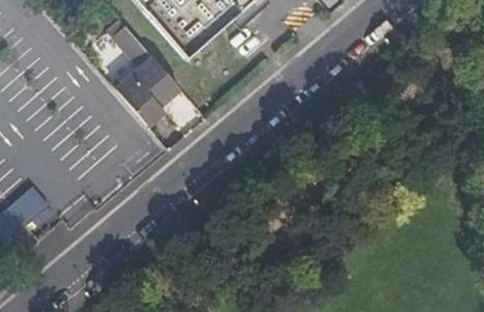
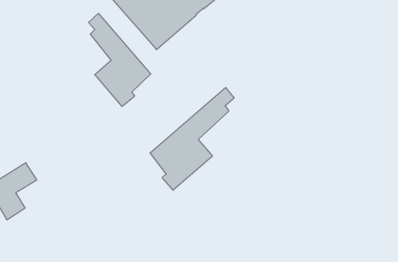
building: none -> [150,88,234,190]

